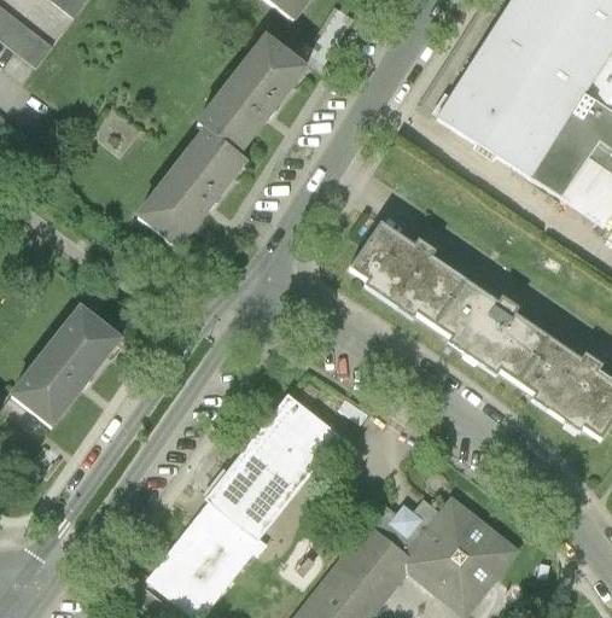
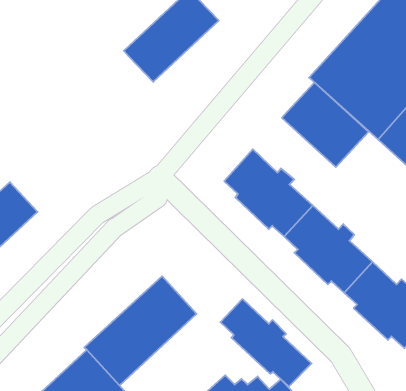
building: none -> [282,83,368,167]
building: [138,129,249,250] -> none
building: none -> [220,299,312,387]

